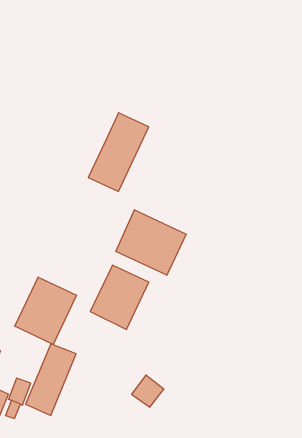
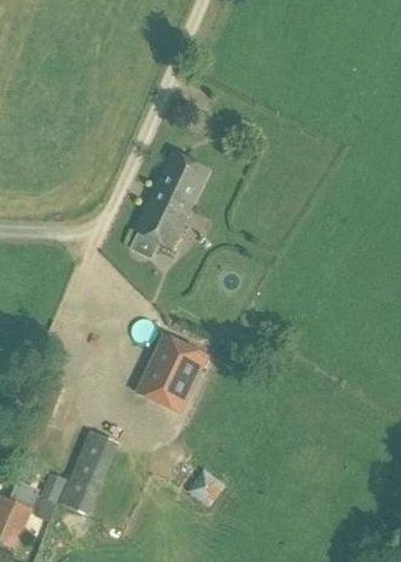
building: [116,210,186,275] -> none
building: [15,277,76,344] -> none

